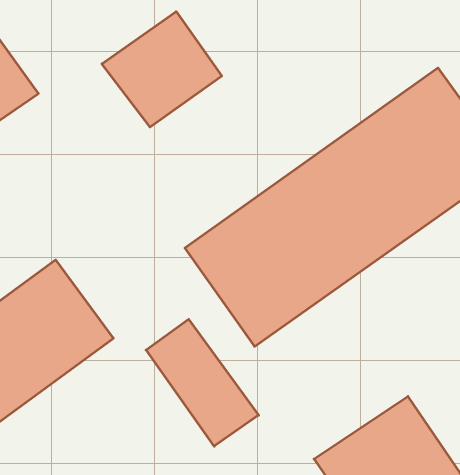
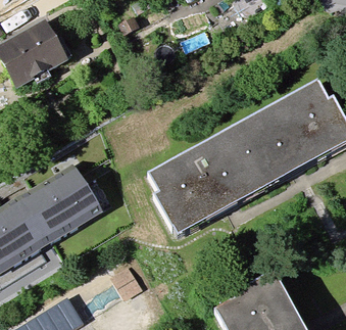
building: [102,12,222,127] -> none
building: [146,319,259,446] -> none

